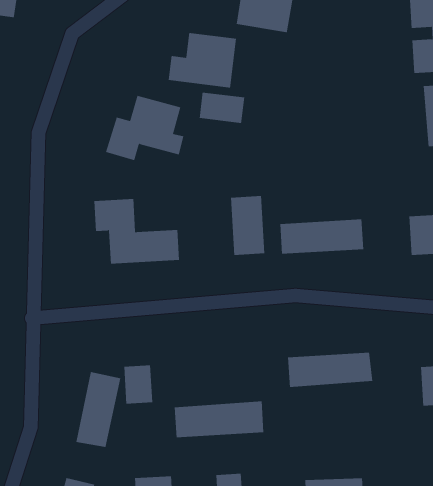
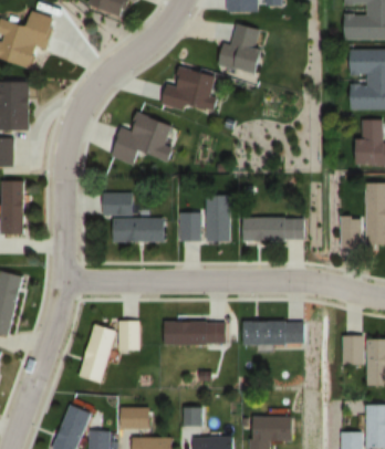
building: [199,92,245,124] -> none
building: none -> [178,213,199,241]
building: [174,401,264,438] -> [164,321,231,345]

